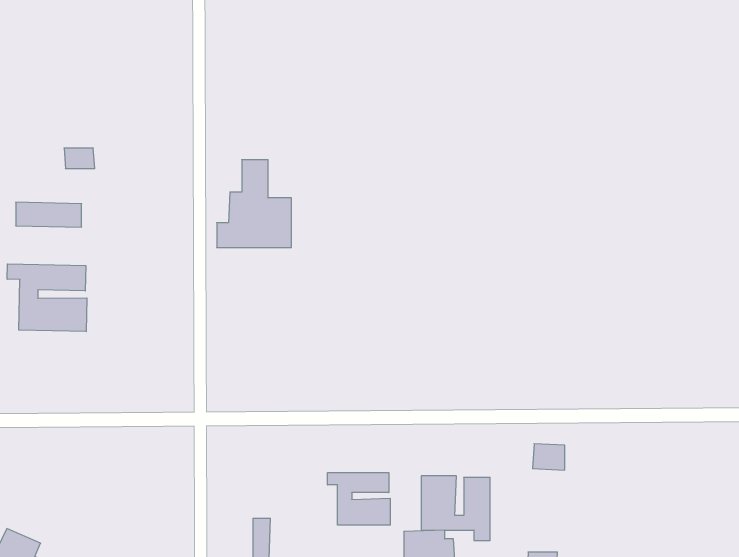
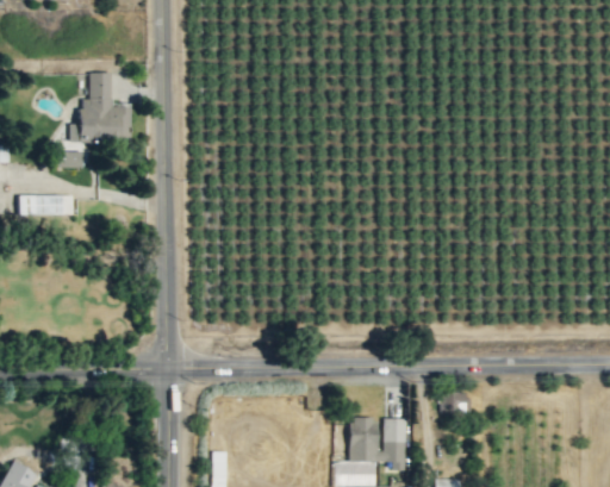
building: [217,160,291,248] -> [70,73,131,144]
building: [7,264,87,332] -> none
building: [328,473,390,525] -> none

